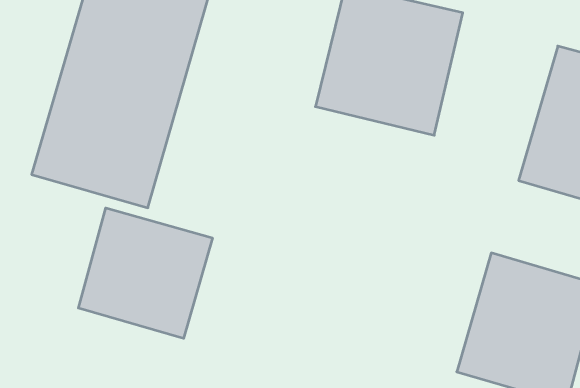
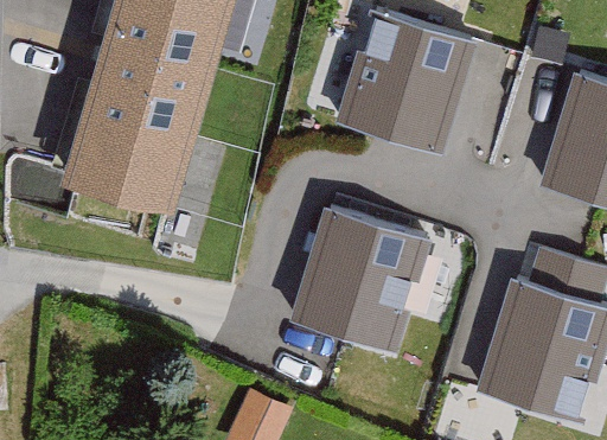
building: none -> [290,199,447,370]
building: [78,208,212,338] -> none

